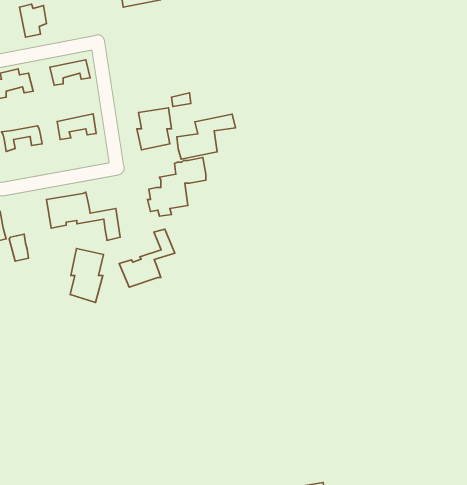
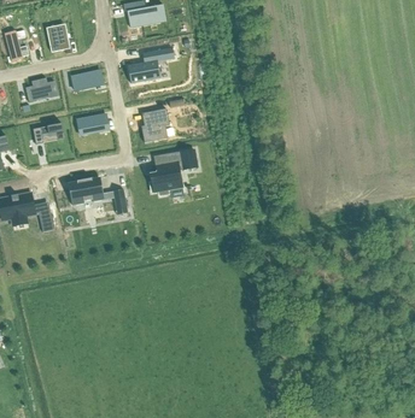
building: [177,114,235,159] -> [127,47,174,83]
building: [119,229,175,287] -> none
building: [70,249,104,302] -> none

